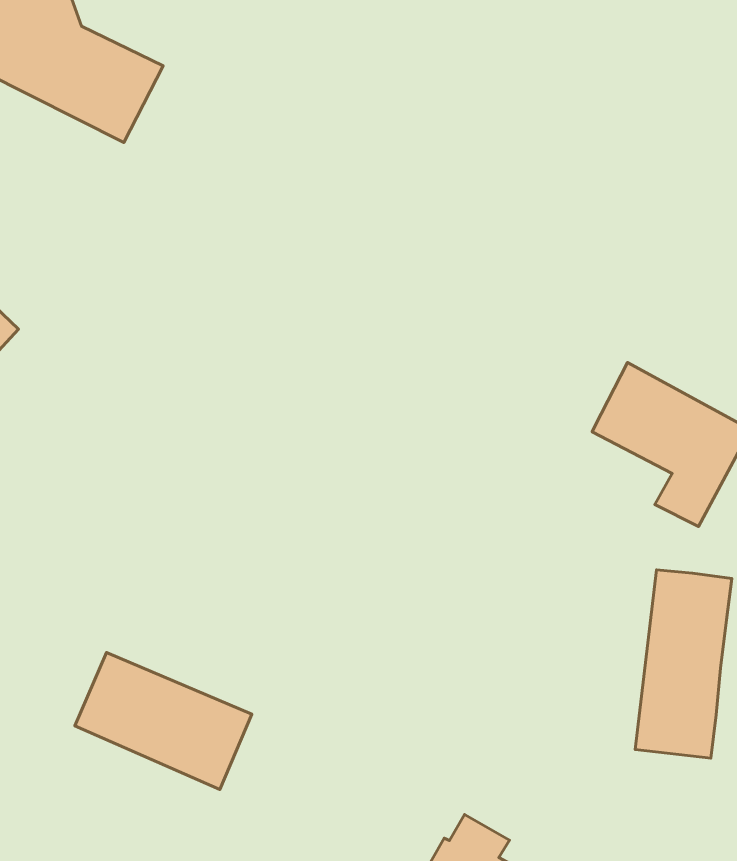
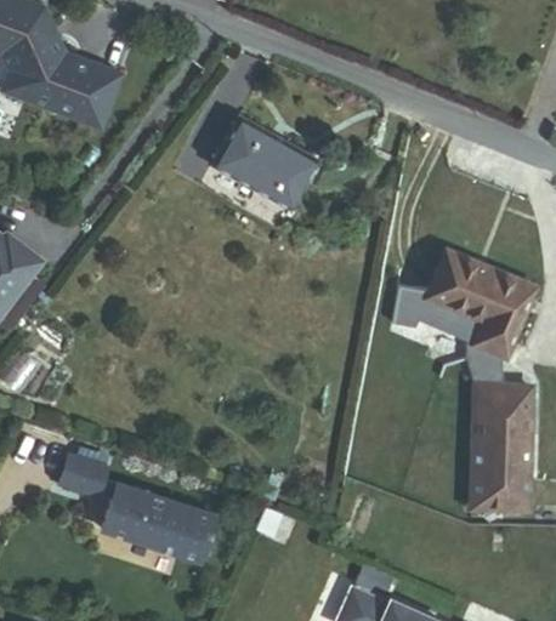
building: none -> [217,121,314,205]
building: none -> [396,290,505,387]
building: none -> [58,449,109,492]

